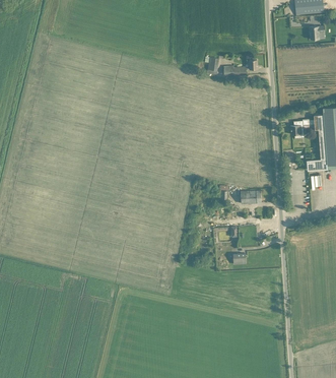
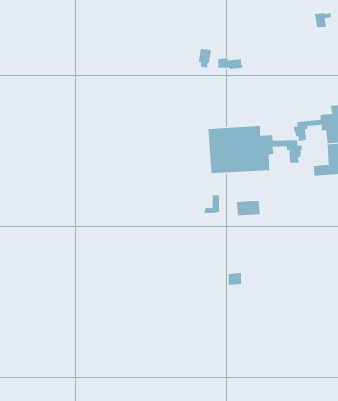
building: none -> [208,125,303,174]

